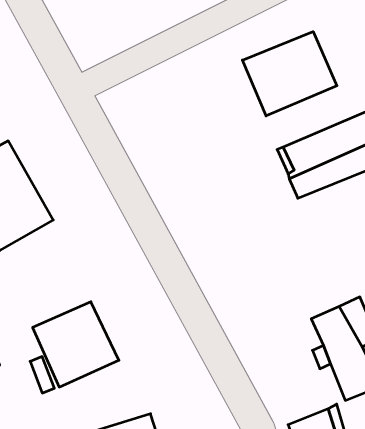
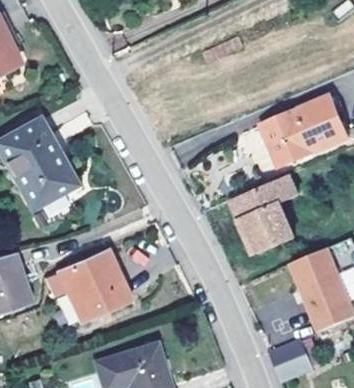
building: [242,32,337,116] -> none
building: none -> [231,174,298,248]

